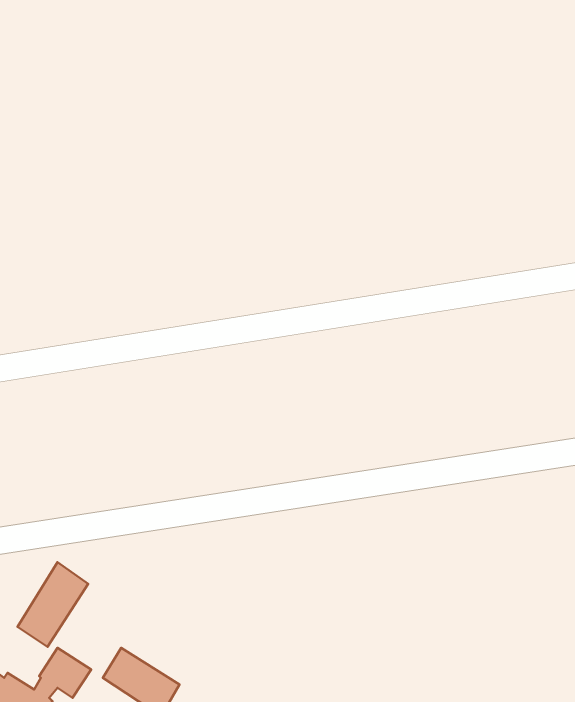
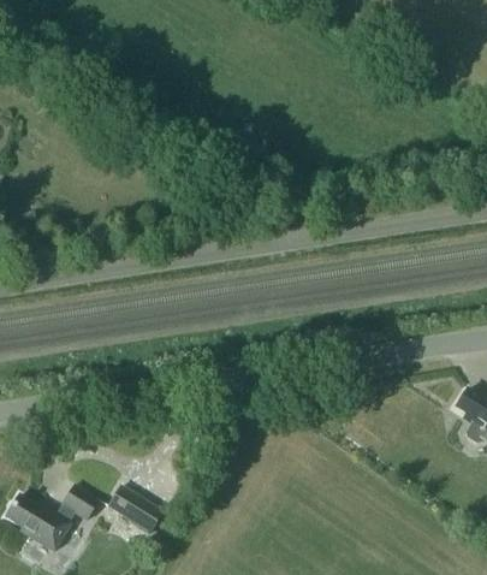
building: [17,562,88,647] -> none

